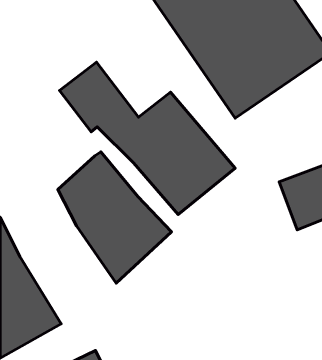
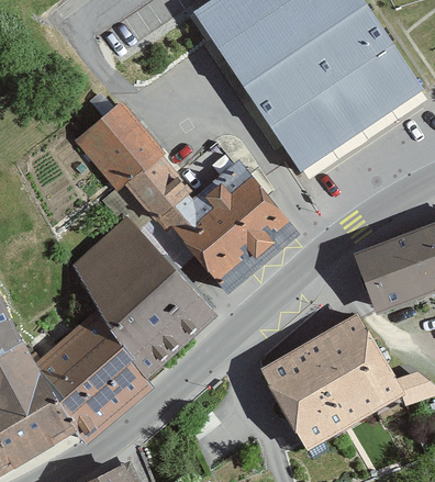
building: none -> [25,310,148,440]
building: none -> [260,315,404,449]

